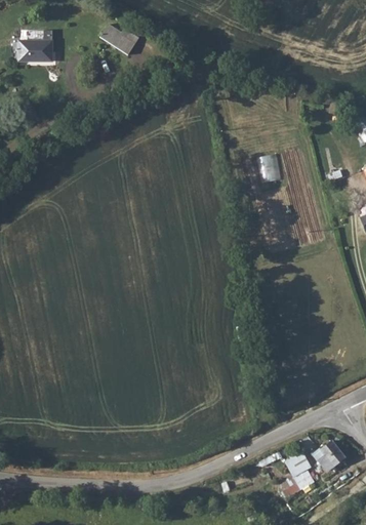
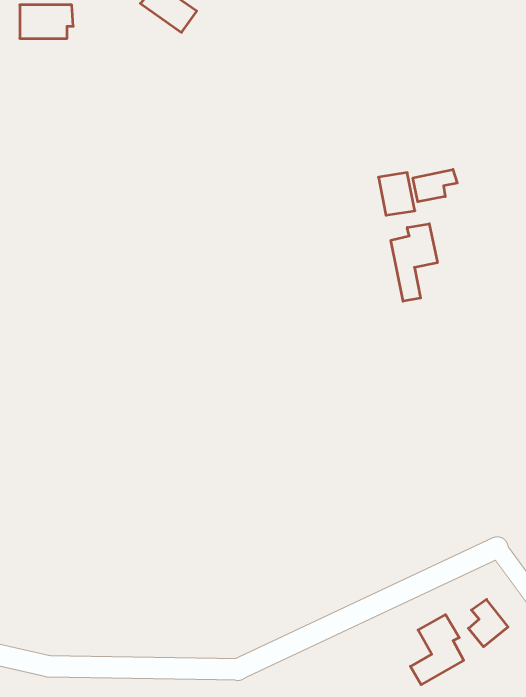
building: none -> [413,169,457,202]
building: none -> [391,224,437,301]

